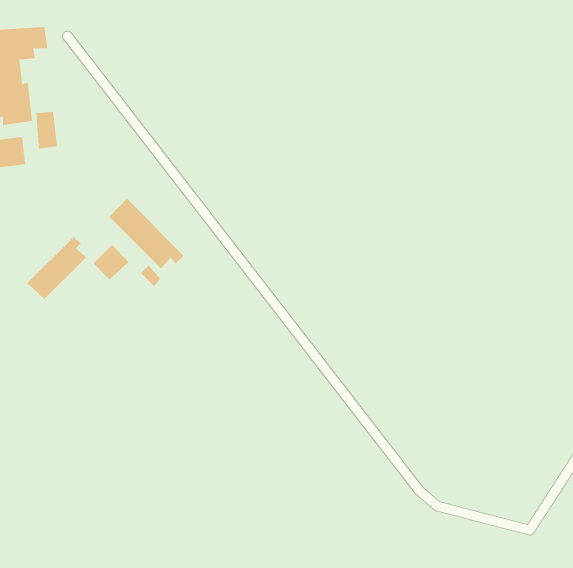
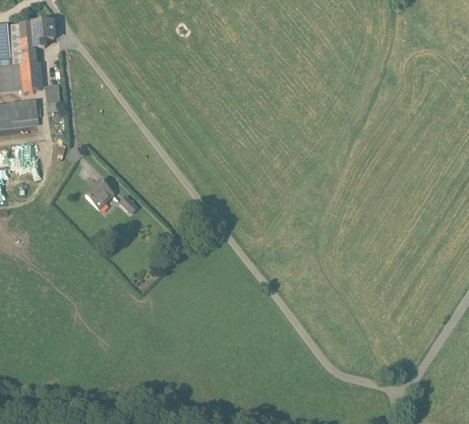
building: [109,198,184,269] -> none
building: [27,236,87,300] -> none

